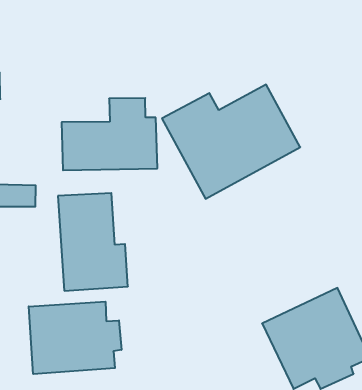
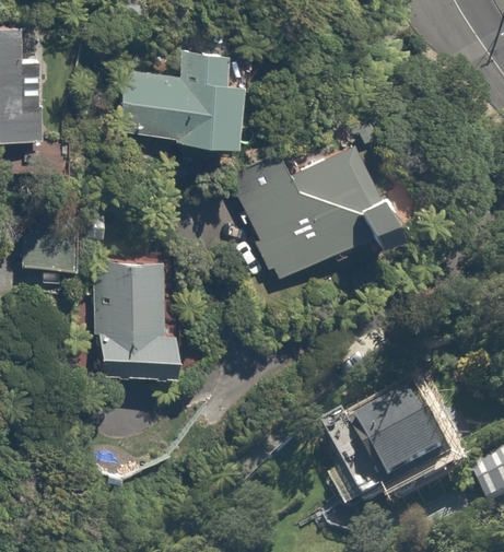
building: [62,98,157,170] -> [126,56,239,142]
building: [29,302,121,374] -> none

